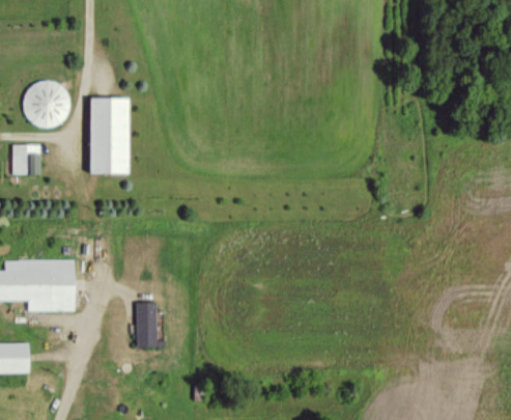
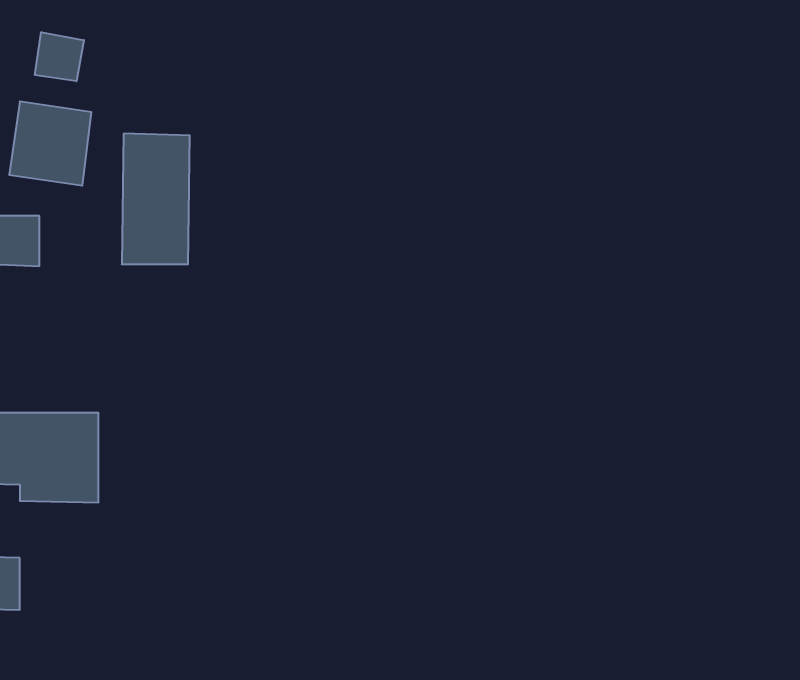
building: none -> [35,32,84,81]
building: [136,303,157,348] -> none

